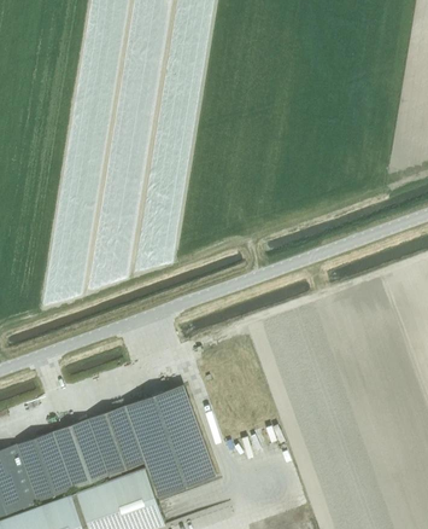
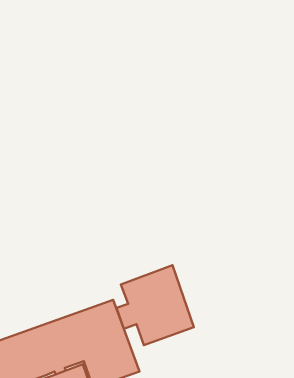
building: none -> [116,265,194,345]

